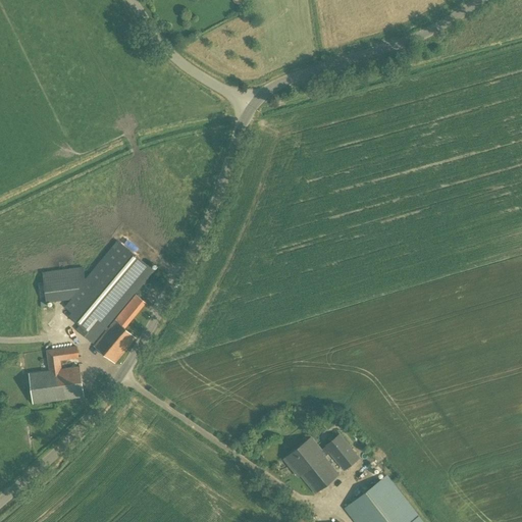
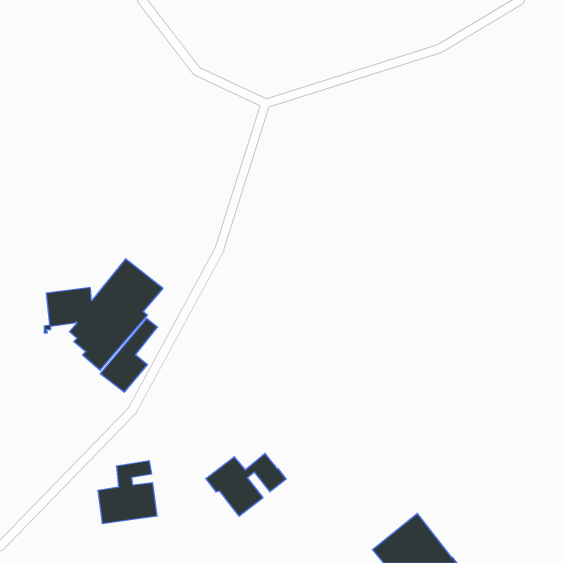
building: [29,346,84,404] -> [98,461,157,524]
building: [284,434,359,492] -> [206,453,286,516]

